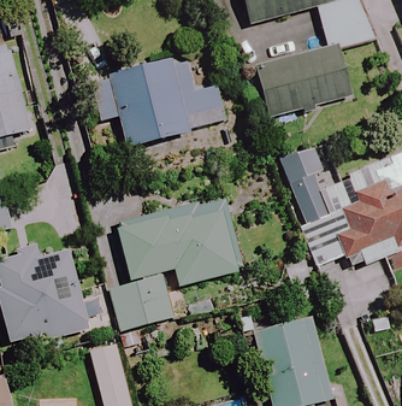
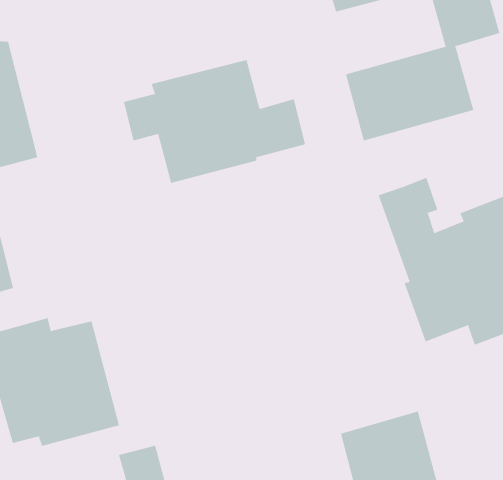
building: [110,194,241,330] -> none

